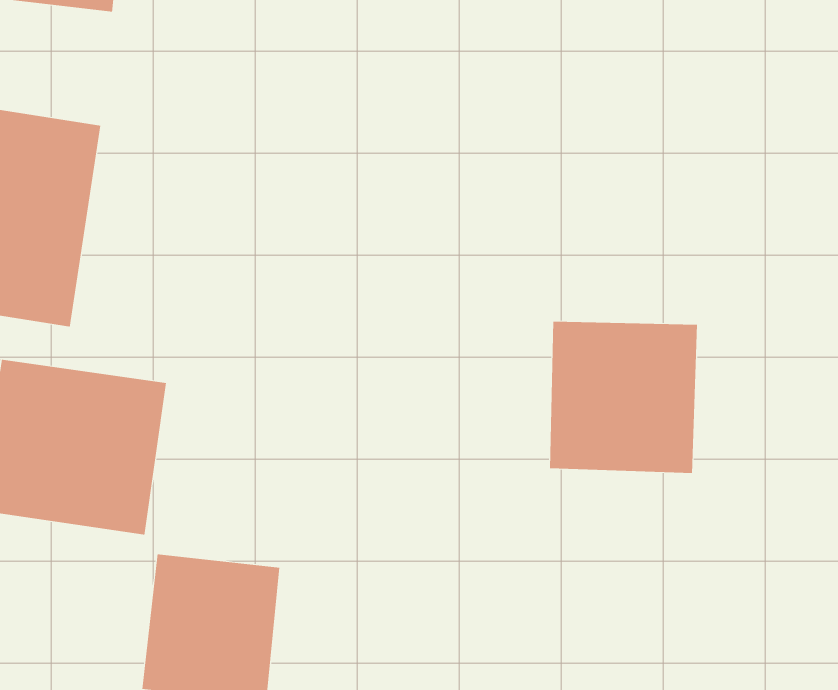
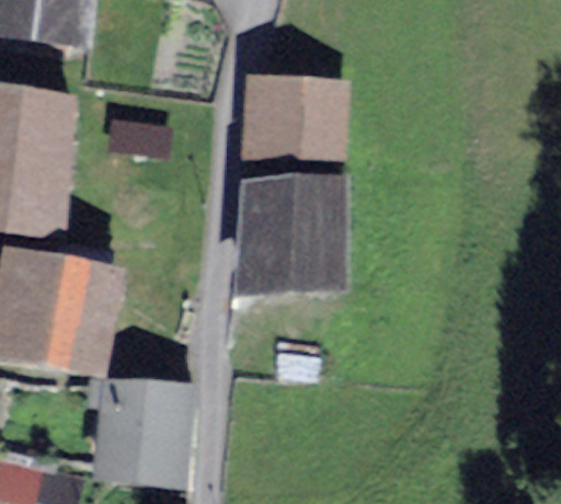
building: none -> [244,78,340,153]
building: [549,321,698,474] -> [242,185,339,284]

